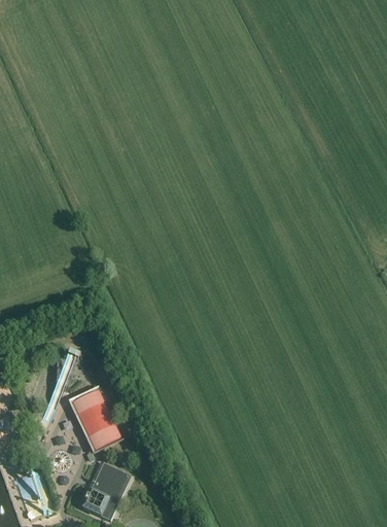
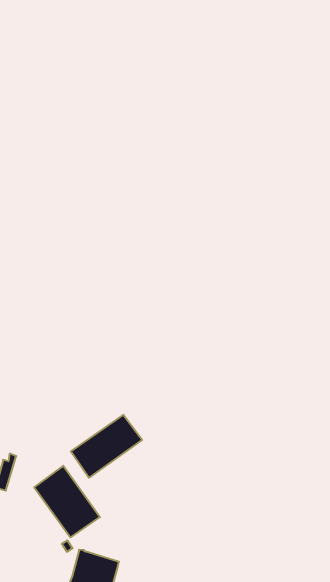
building: none -> [71,415,142,478]

